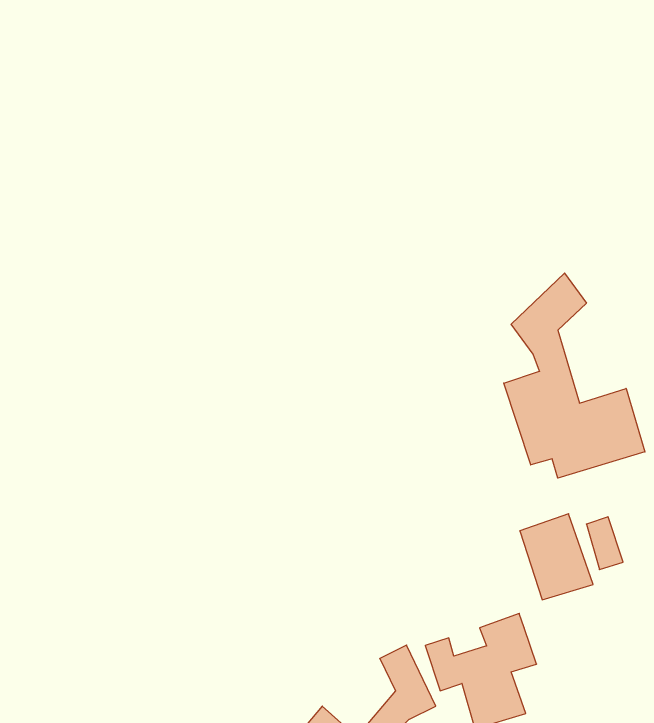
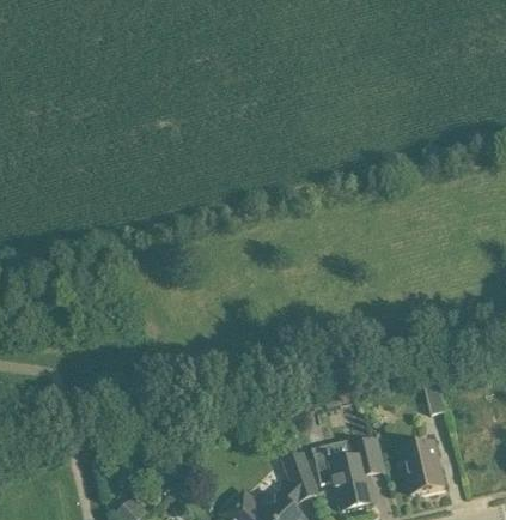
building: [504,273,645,478] -> none
building: [520,514,593,600] -> [400,439,444,492]

